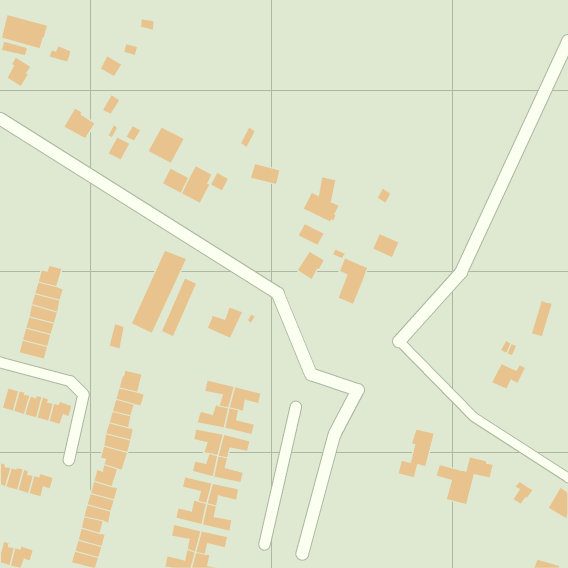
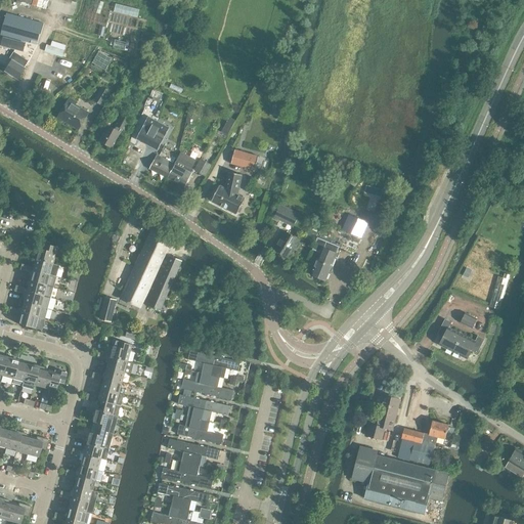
building: [303,177,339,222] -> [211,172,245,214]
building: [207,307,243,338] -> none
building: none -> [437,318,462,352]
building: none -> [352,446,449,514]

